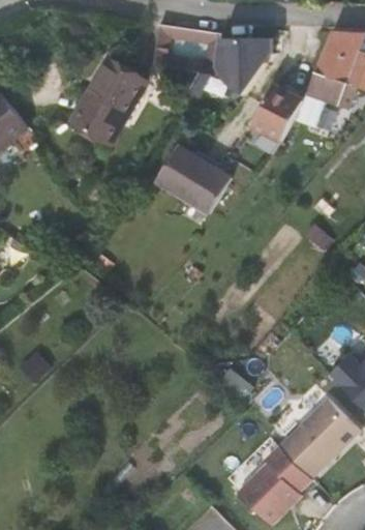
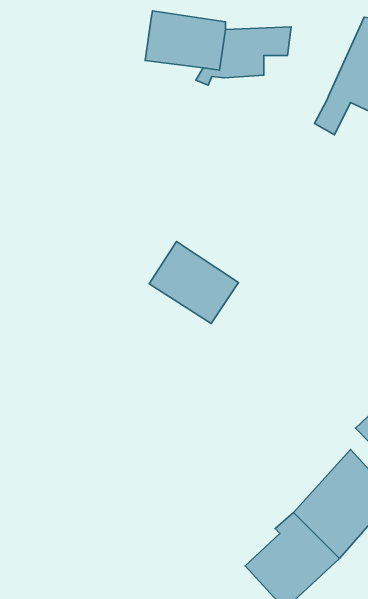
building: [72,58,148,143] -> none
building: [256,87,304,142] -> none
building: [157,144,232,212] -> [149,242,238,323]

